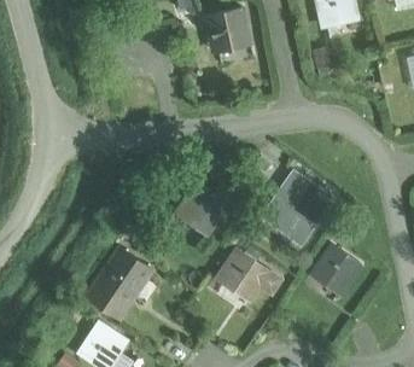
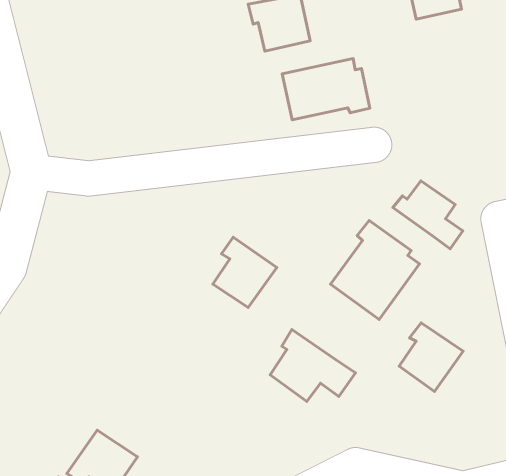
building: none -> [282,59,370,120]
building: none -> [393,181,463,249]
building: [84,250,148,319] -> none

